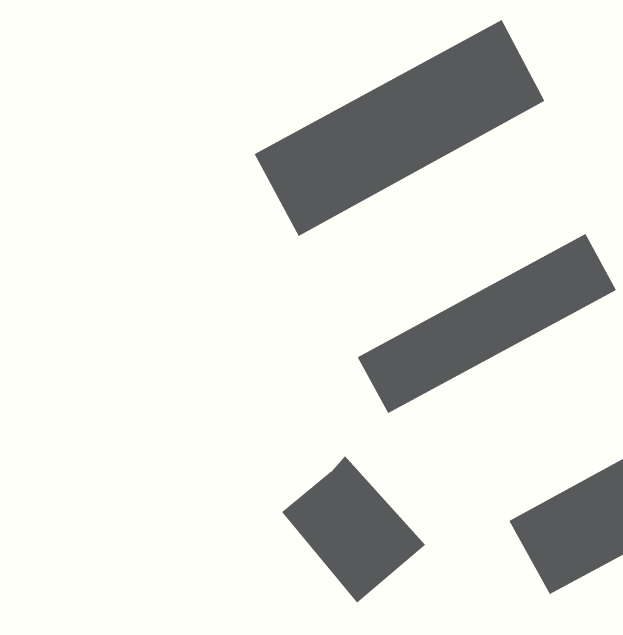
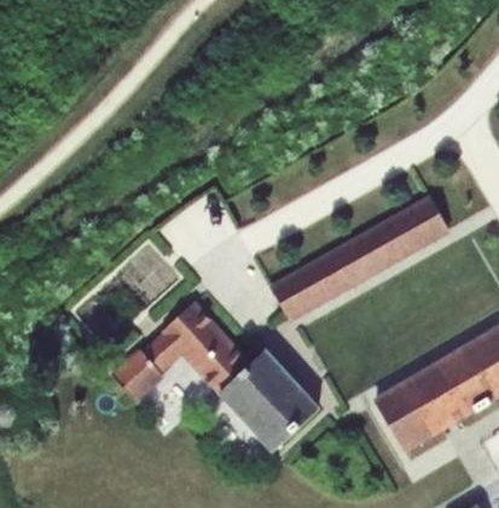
building: [254,19,545,237] -> none
building: none -> [112,299,251,398]

